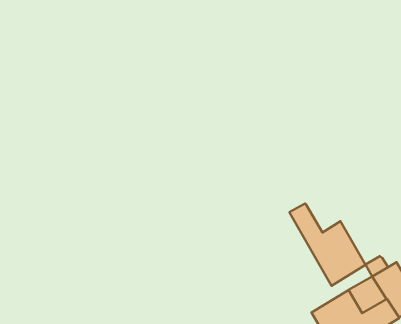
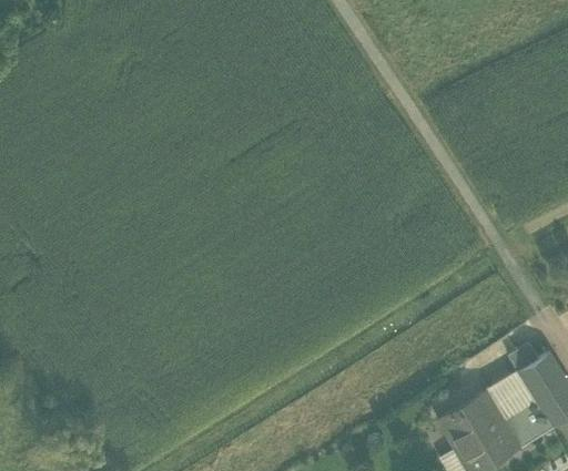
building: [290,204,366,286] -> none

